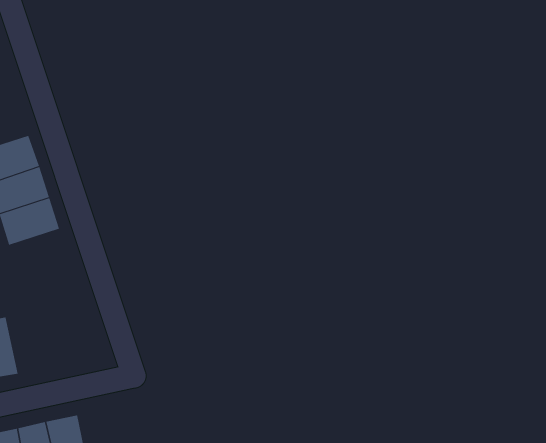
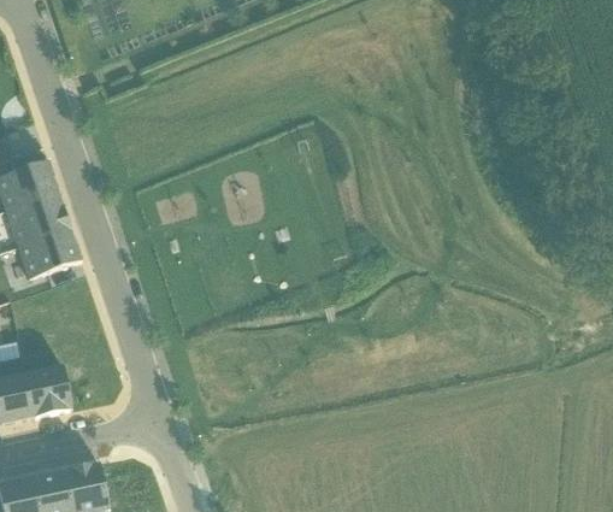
building: none -> [13,352,63,419]

